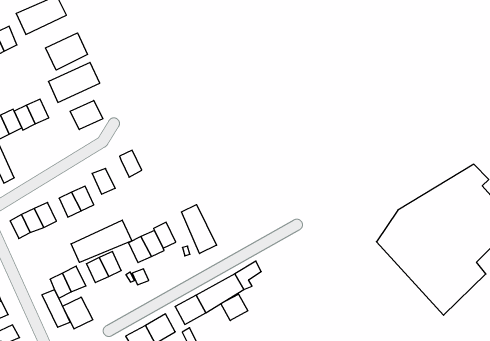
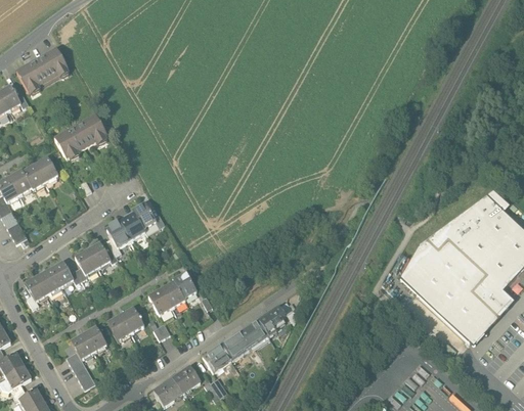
building: [46,33,87,70] -> none
building: [70,100,103,130] -> none
building: none -> [120,213,145,241]
building: [181,205,217,254] -> none
building: [71,220,132,262] -> none
building: [221,294,248,321] -> none
building: [63,297,93,329] -> none

